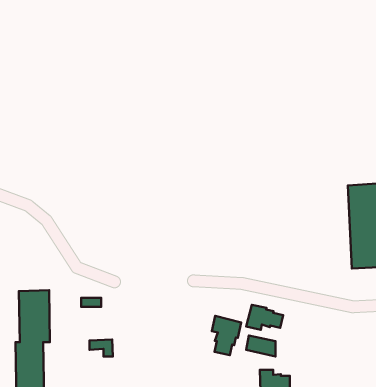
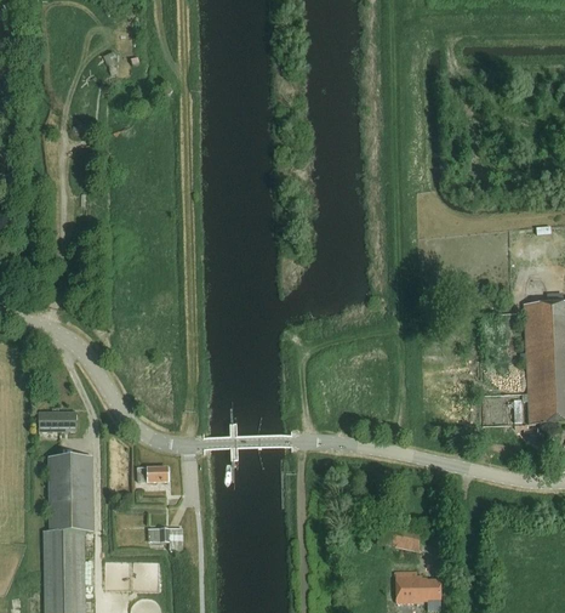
building: none -> [39,411,76,431]
building: [246,305,283,330] -> none
building: [212,316,241,355] -> none

